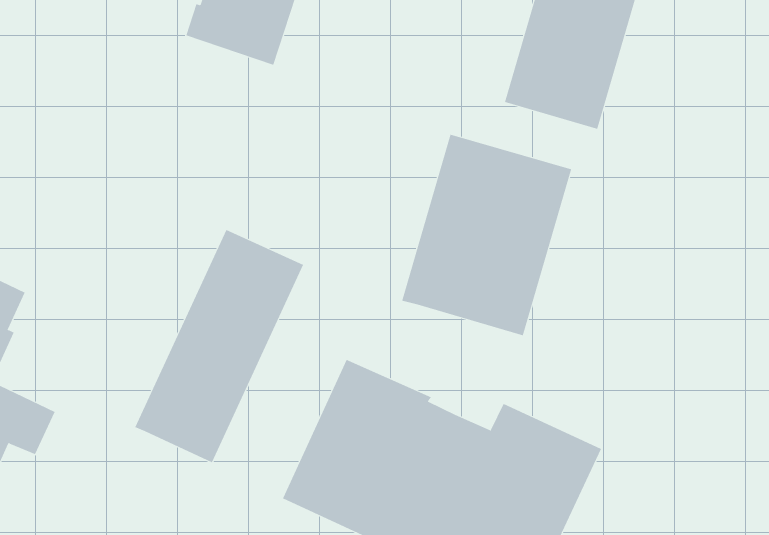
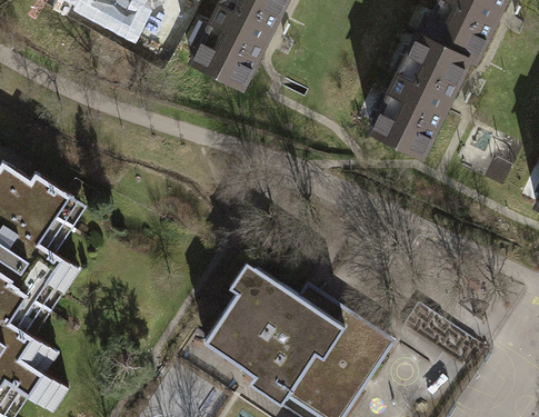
building: [402,134,572,336] -> none
building: [135,229,304,463] -> none

